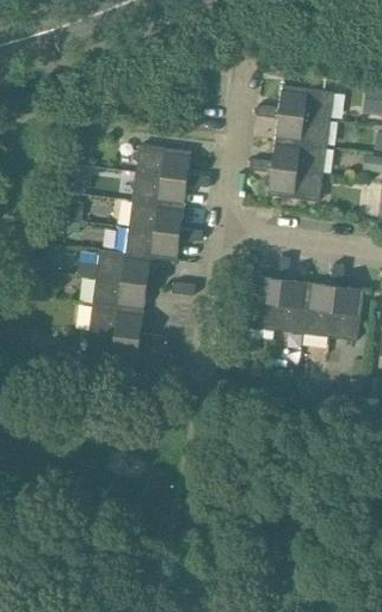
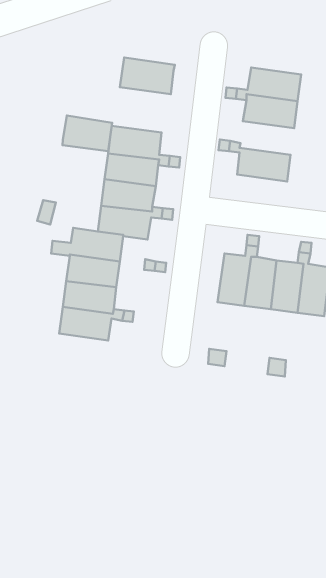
building: none -> [120,58,175,94]
building: none -> [62,115,112,151]
building: [270,140,326,175] -> none

